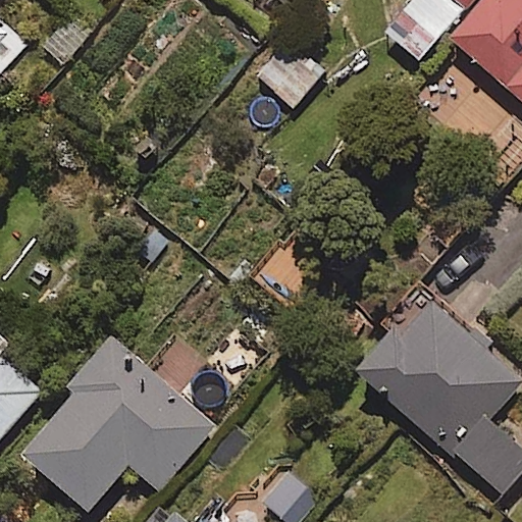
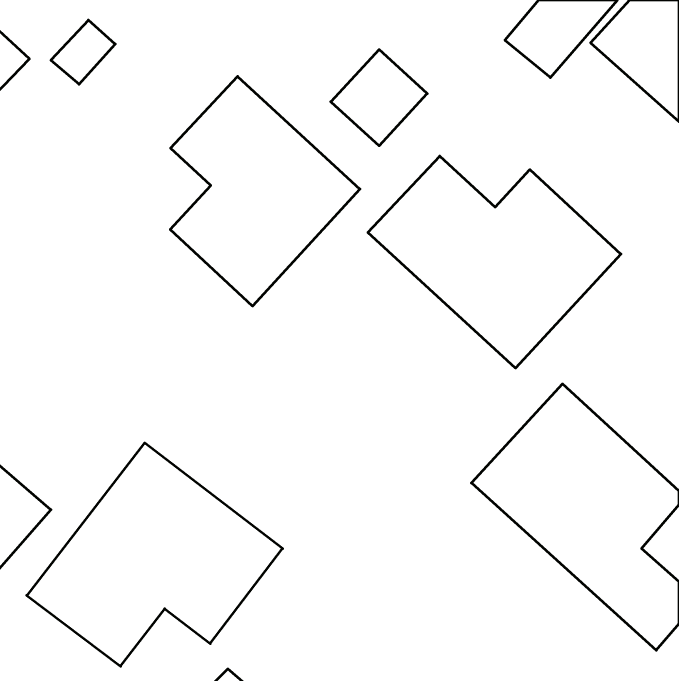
building: none -> [170,76,360,306]
building: none -> [368,156,621,368]

